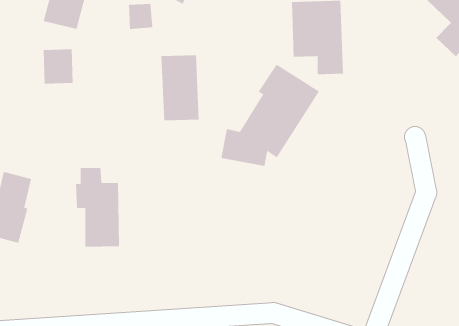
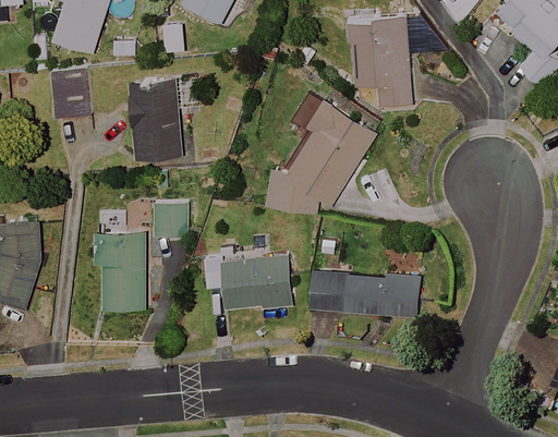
building: [161,55,200,121] -> [132,82,178,159]
building: none -> [153,205,186,238]
building: none -> [204,258,290,307]
building: none -> [308,271,417,315]

